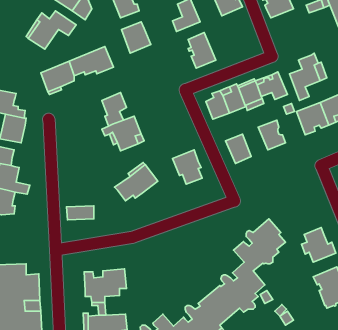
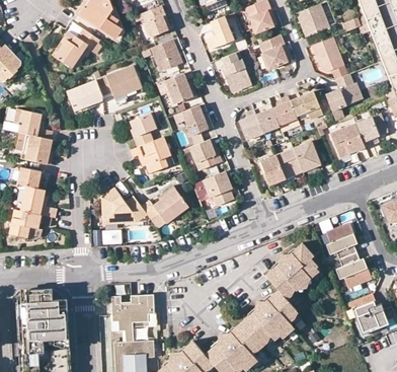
building: none -> [257,35,290,70]
building: none -> [311,36,346,79]
building: none -> [164,74,194,105]
building: none -> [180,106,207,137]
building: none -> [190,139,222,171]
building: none -> [275,149,302,179]
building: none -> [101,191,147,223]
building: none -> [326,224,356,259]

